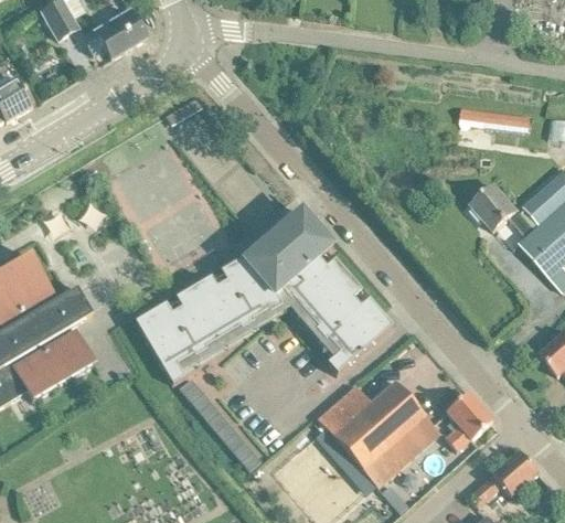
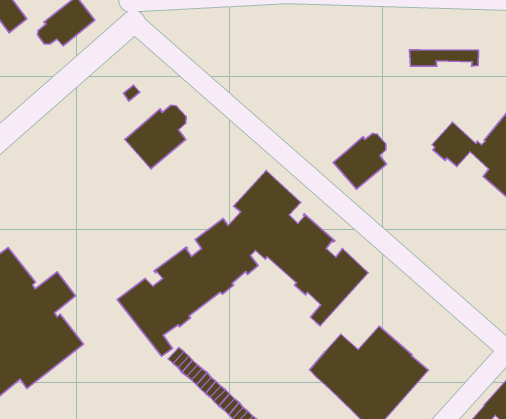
building: none -> [125,105,186,169]
building: none -> [333,133,386,189]
building: [445,391,491,448] -> none

